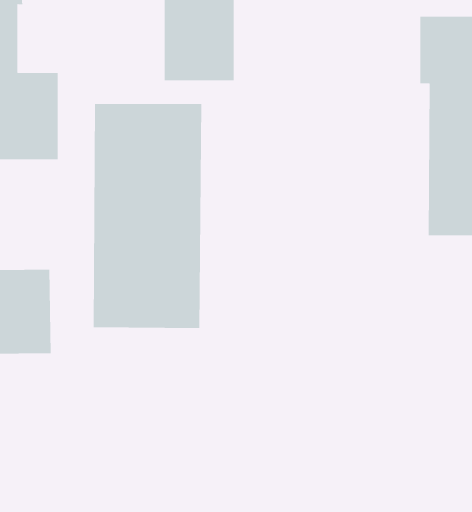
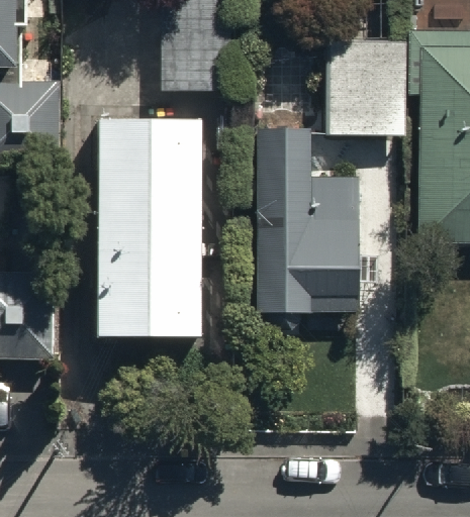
building: none -> [327,41,405,135]
building: none -> [256,128,360,312]

